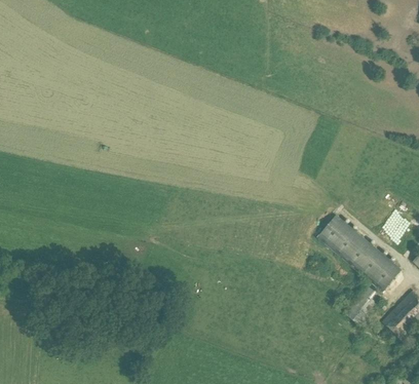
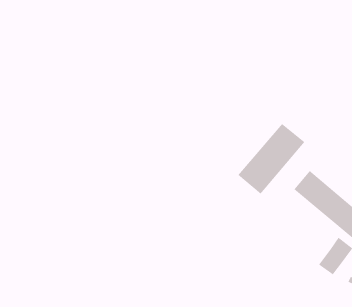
building: none -> [237,123,305,195]

